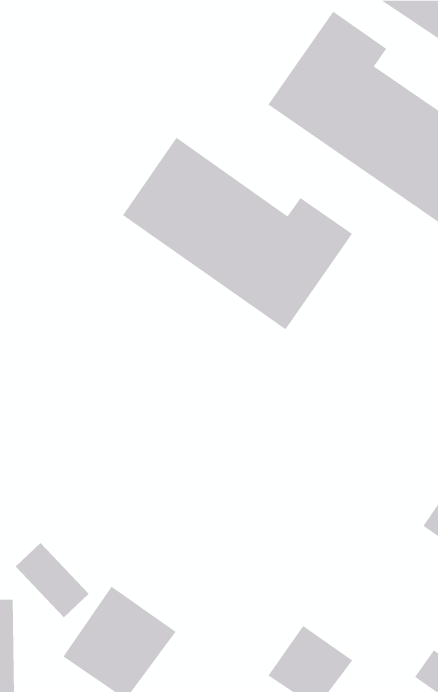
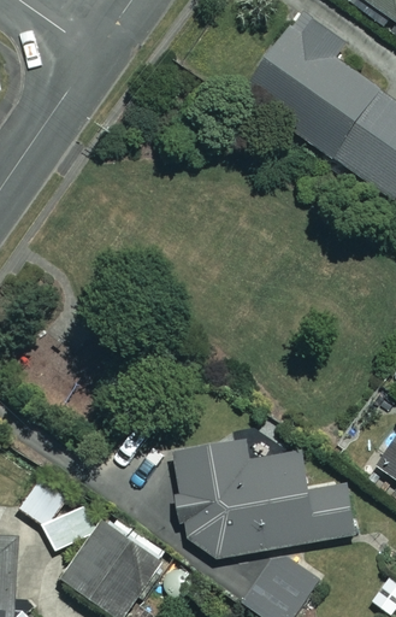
building: [122,137,353,330] -> none
building: none -> [172,440,355,558]

